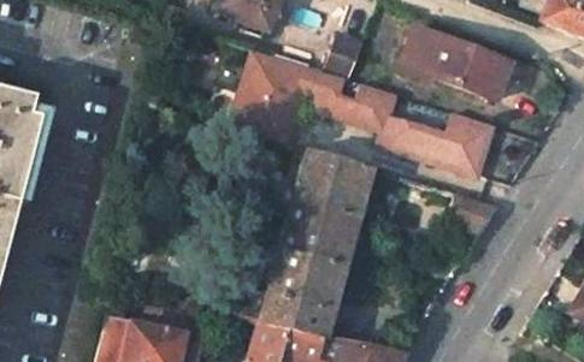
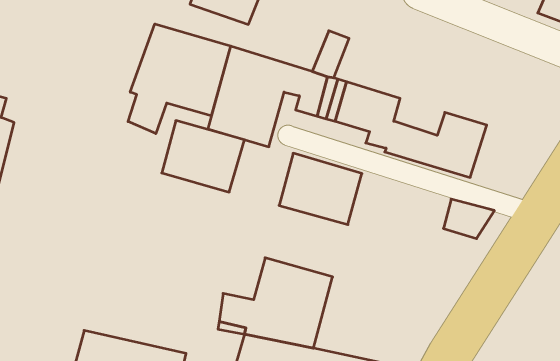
building: [401,26,507,96] -> none
building: none -> [128,24,231,134]
building: [282,200,360,267] -> [162,121,245,192]

